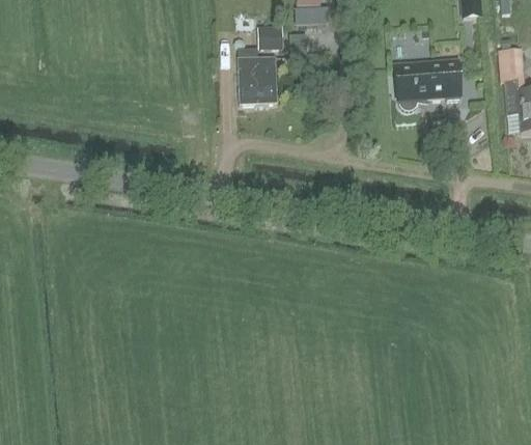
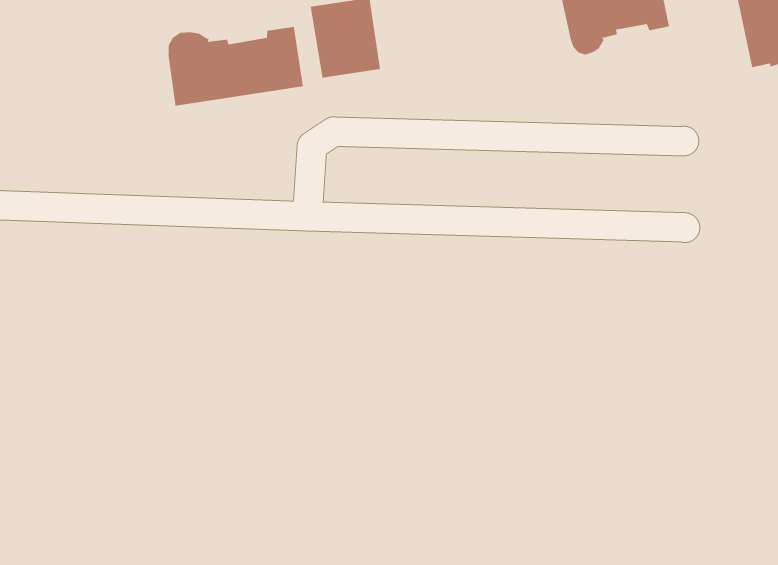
building: none -> [168,26,303,106]

